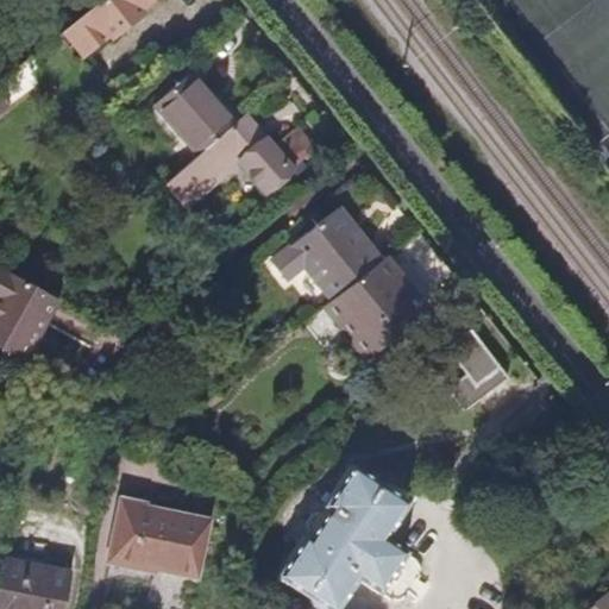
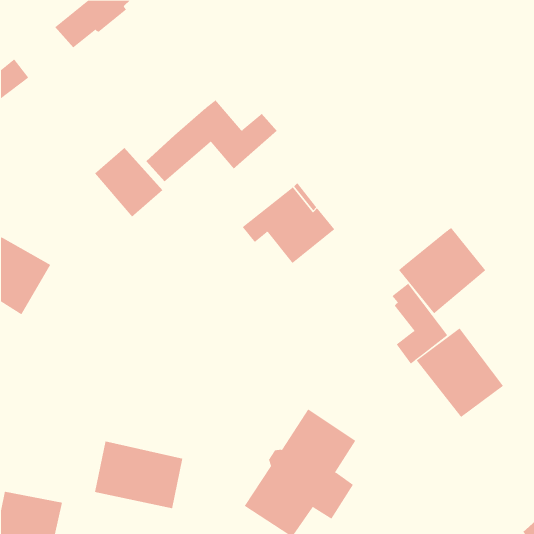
building: [156,75,234,155] -> [94,147,163,217]
building: [326,258,426,357] -> [398,227,486,314]
building: none -> [416,328,504,418]

